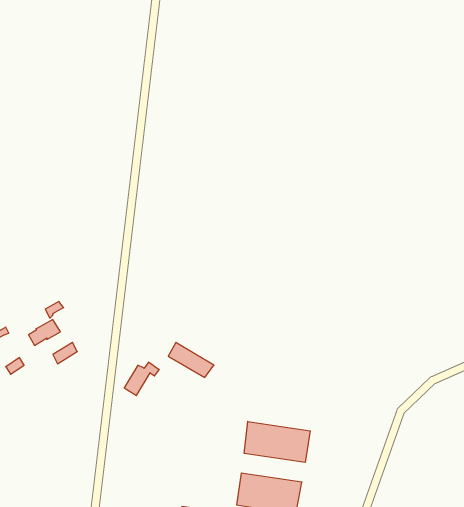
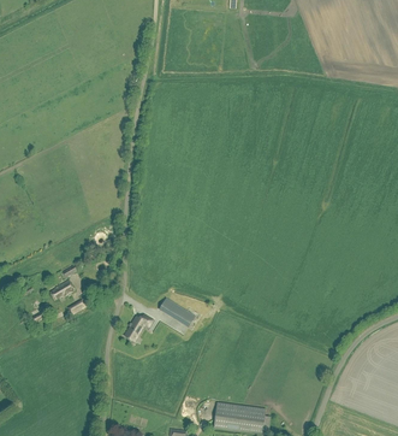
building: [244,421,310,462] -> none

